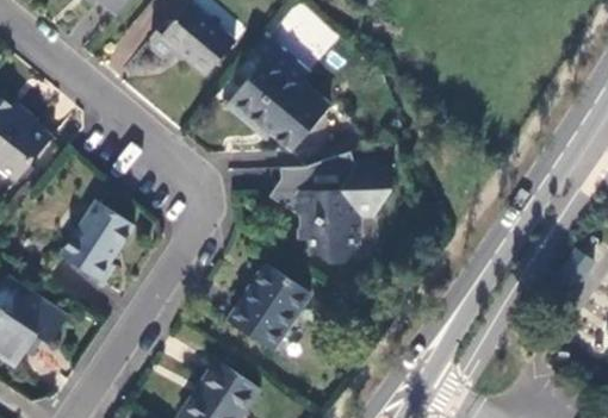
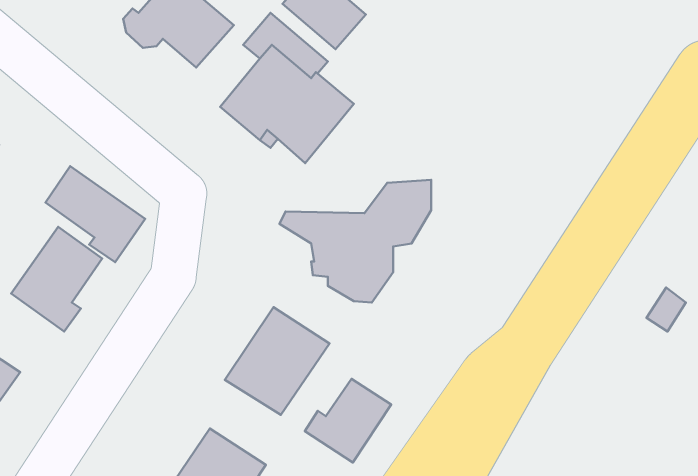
building: [267,152,356,199] -> none
building: none -> [46,166,145,262]
building: none -> [305,379,391,462]

